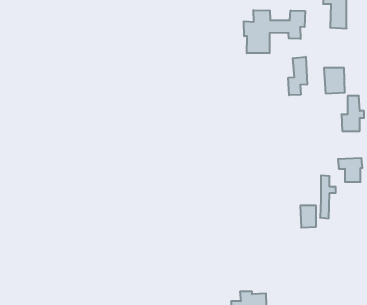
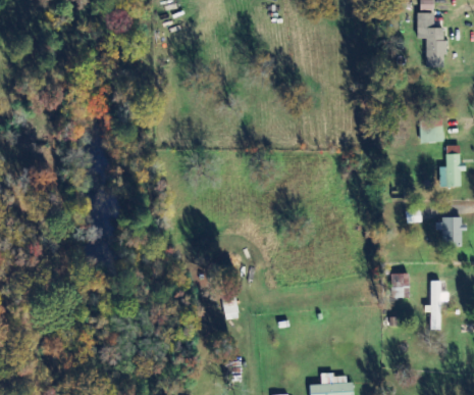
building: [244,10,305,53] -> none
building: [288,57,307,95] -> none
building: [320,175,336,218] -> [429,280,447,330]

